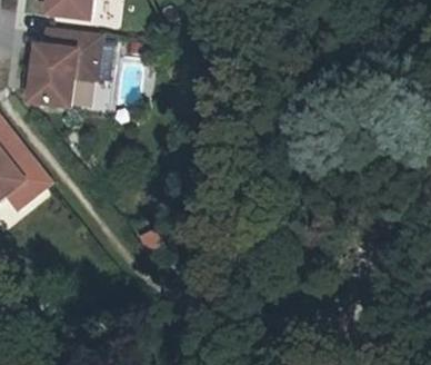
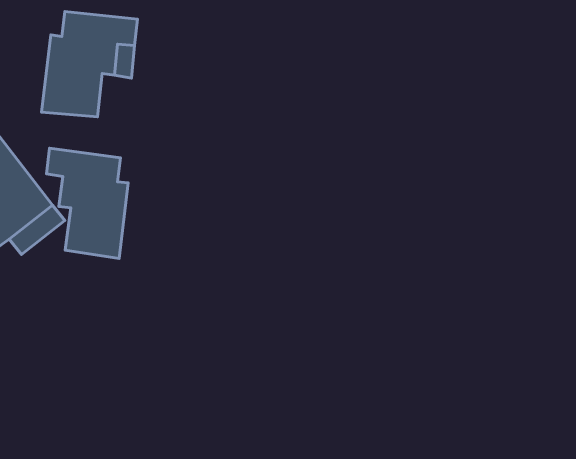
building: none -> [46,148,128,258]

